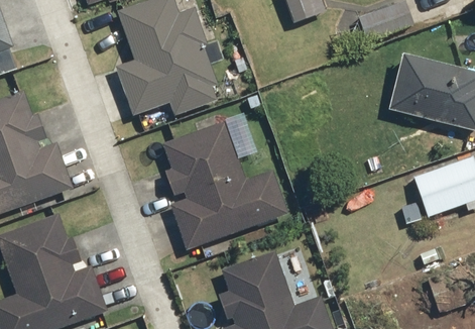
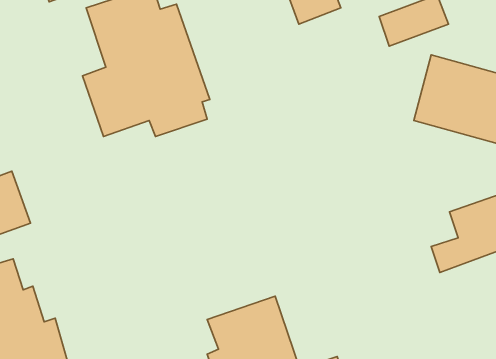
building: [166,121,289,249] -> none

